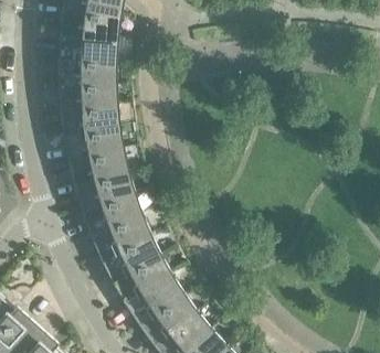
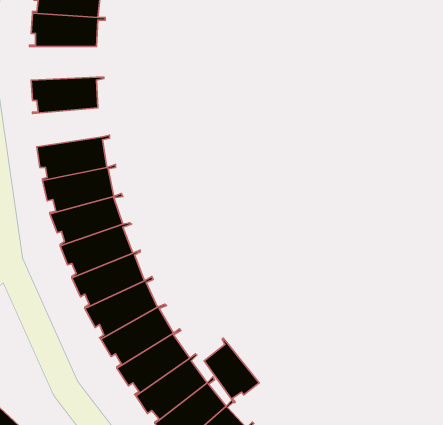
building: [62,56,118,82] -> none
building: [64,101,120,132] -> none
building: none -> [204,338,259,403]

